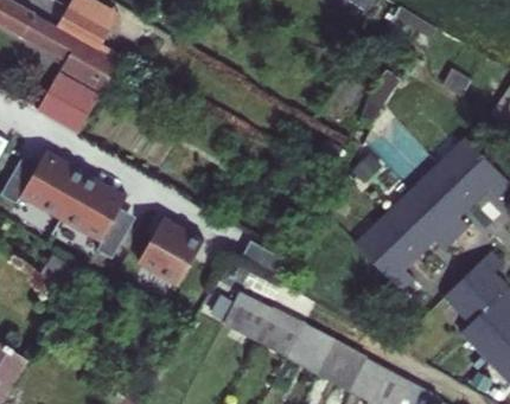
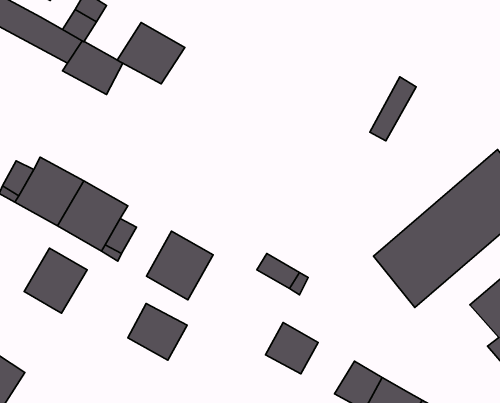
building: [36,72,100,130] -> [117,23,185,84]
building: none -> [24,248,87,313]
building: [221,287,270,336] -> none
building: none -> [128,304,187,360]
building: [287,325,338,373] -> none

